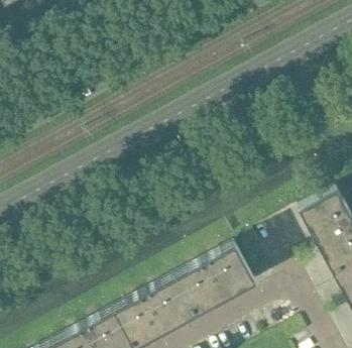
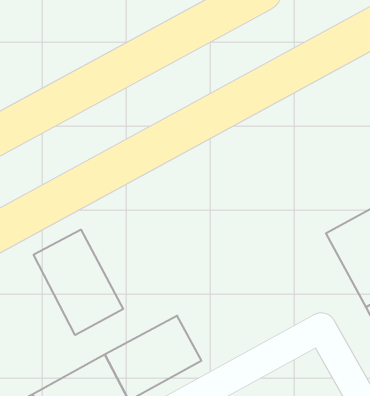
building: none -> [34,230,123,335]
building: [175,245,256,315] -> none

